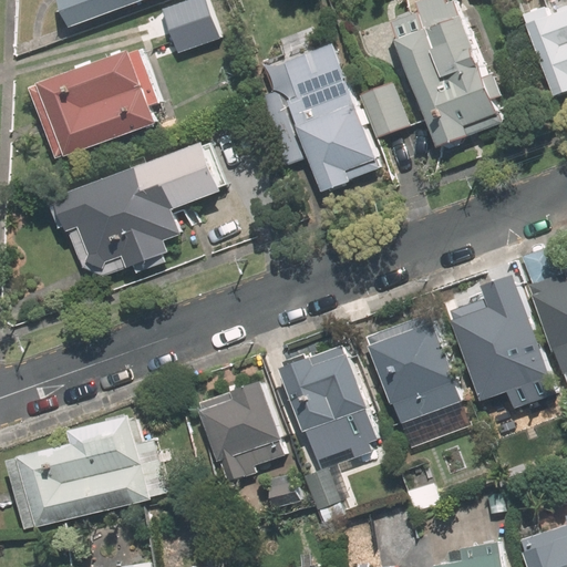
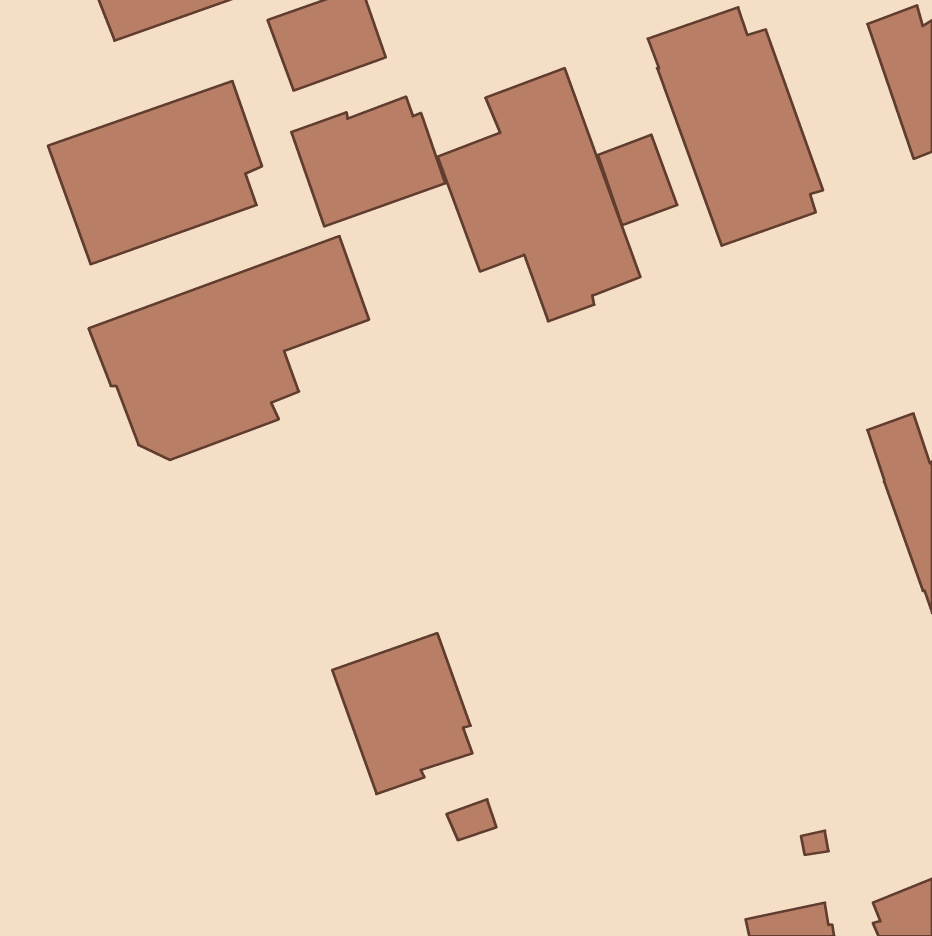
building: none -> [291,97,445,226]
building: [449,278,553,423] -> none
building: [368,313,470,445] -> none
building: [280,347,379,468] -> none
building: [6,415,165,527] -> none

